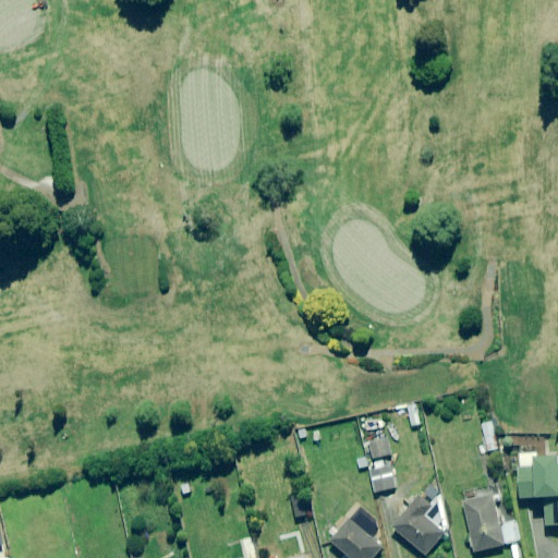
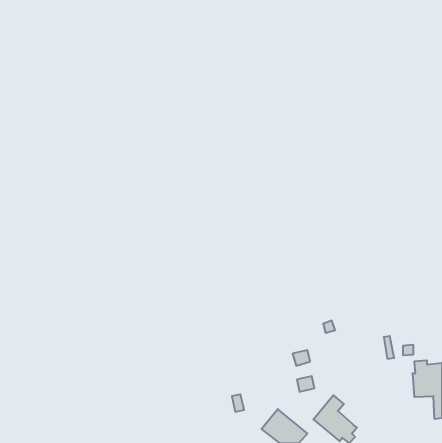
building: [462,494,519,551] -> none

